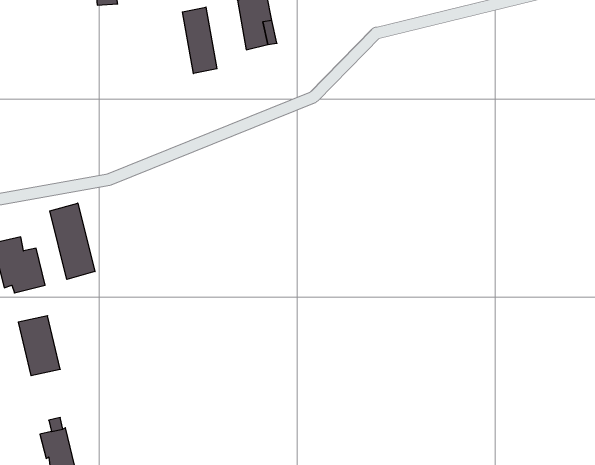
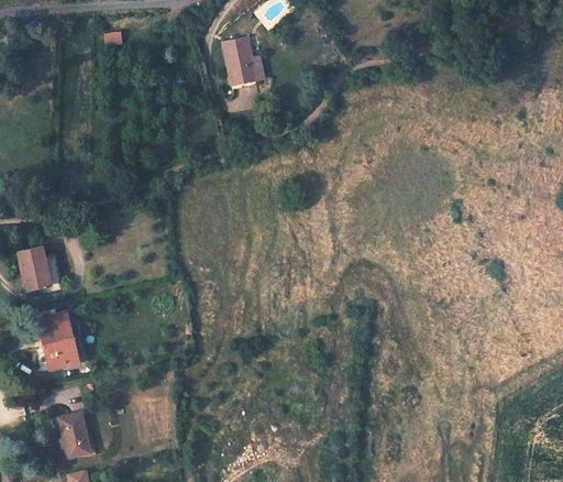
building: [182,7,217,74] -> none
building: [50,203,95,279] -> none

